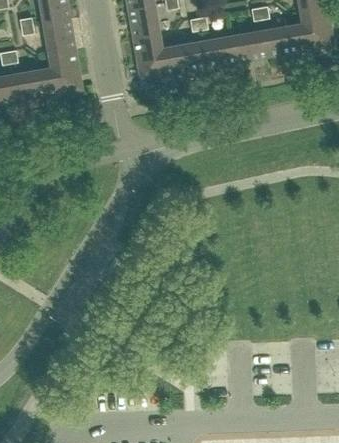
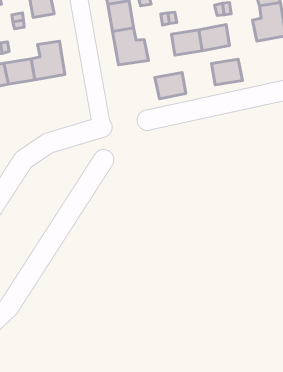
building: [44,19,74,54] -> none
building: [263,26,298,55] -> [212,59,242,85]
building: [170,42,205,72] -> [155,72,186,99]

